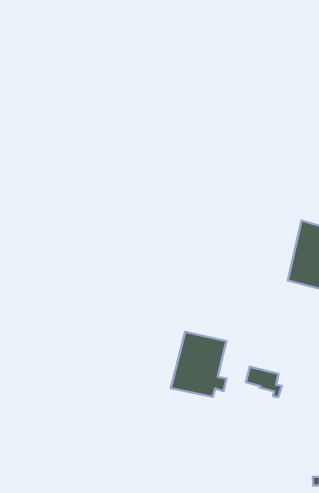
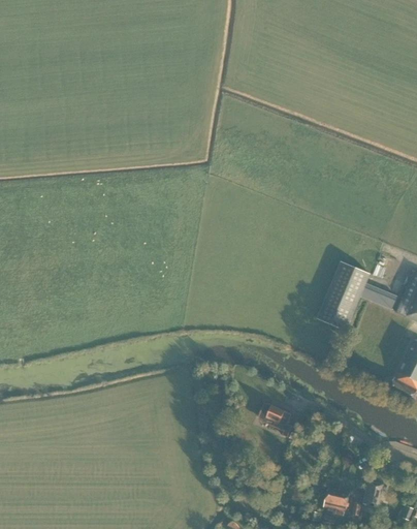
building: [171,332,227,397] -> none

